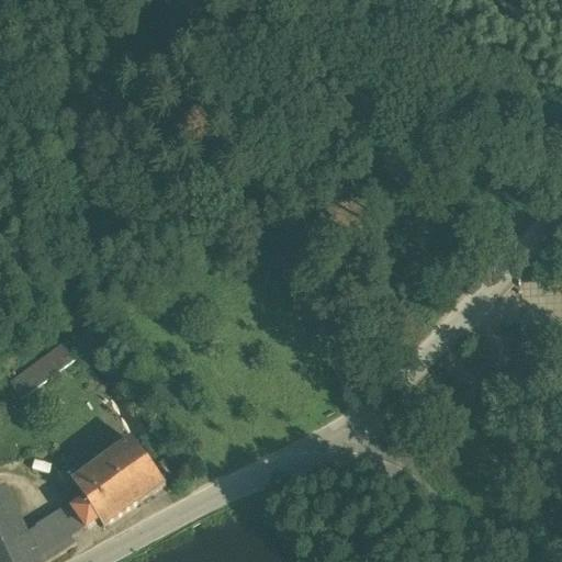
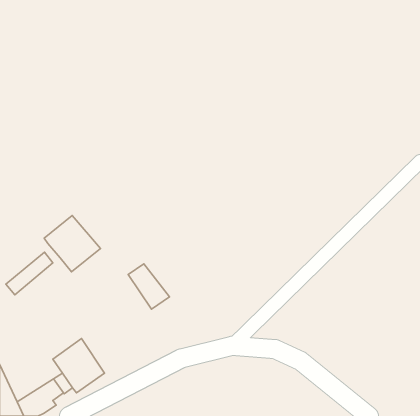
building: none -> [44,215,100,272]
building: [109,437,164,497] -> [128,264,169,309]

